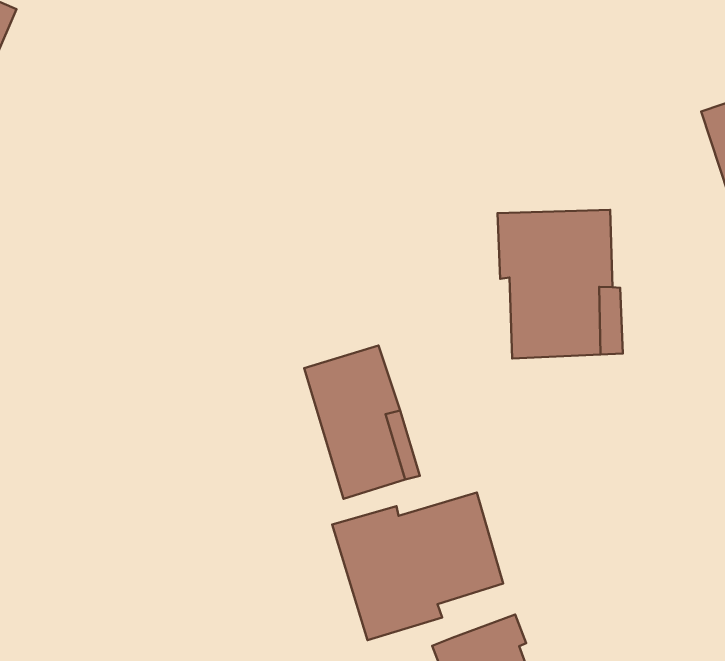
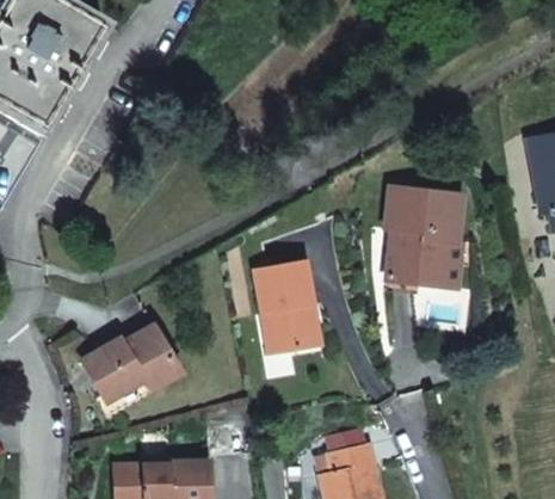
building: none -> [82,322,180,399]
building: [332,493,503,640] -> none

